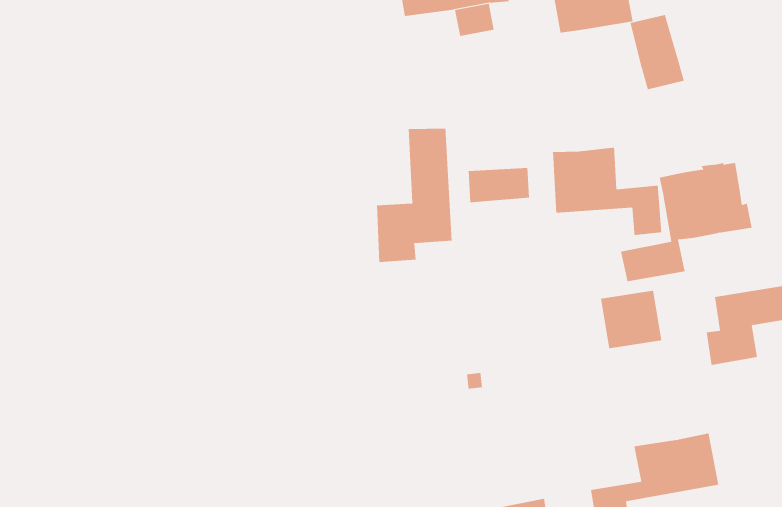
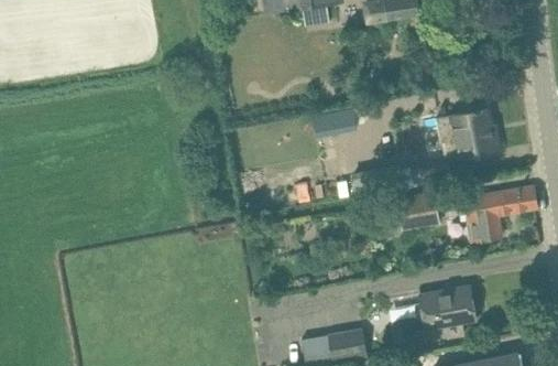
building: [630,14,685,90] -> none
building: [376,128,452,263] -> none
building: [552,147,662,236] -> none

